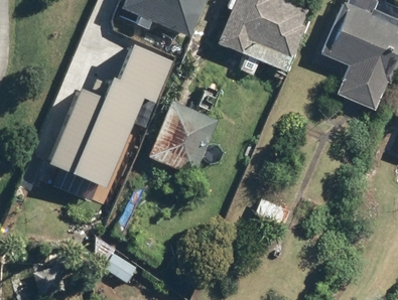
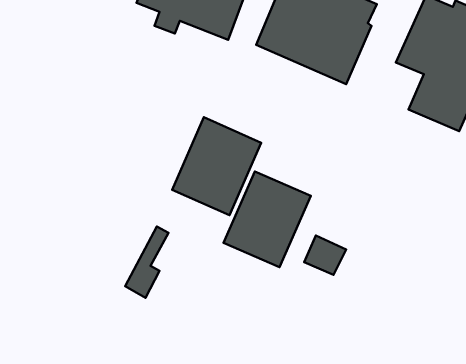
building: [50,41,175,186] -> none
building: none -> [224,172,311,267]

